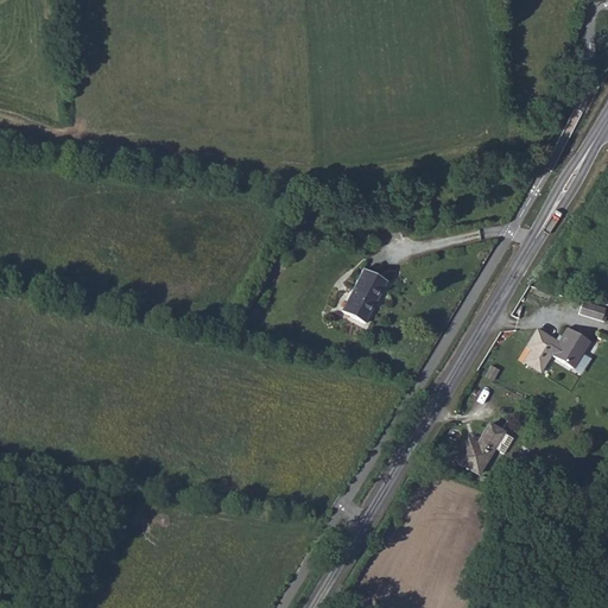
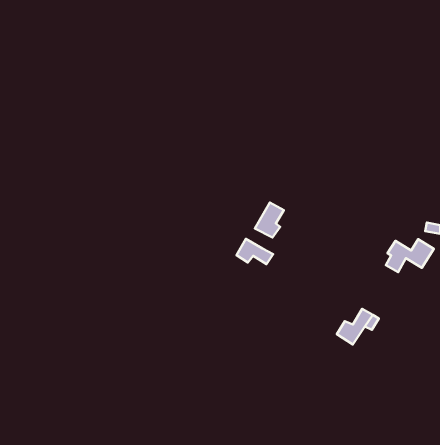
building: none -> [237,239,273,264]

